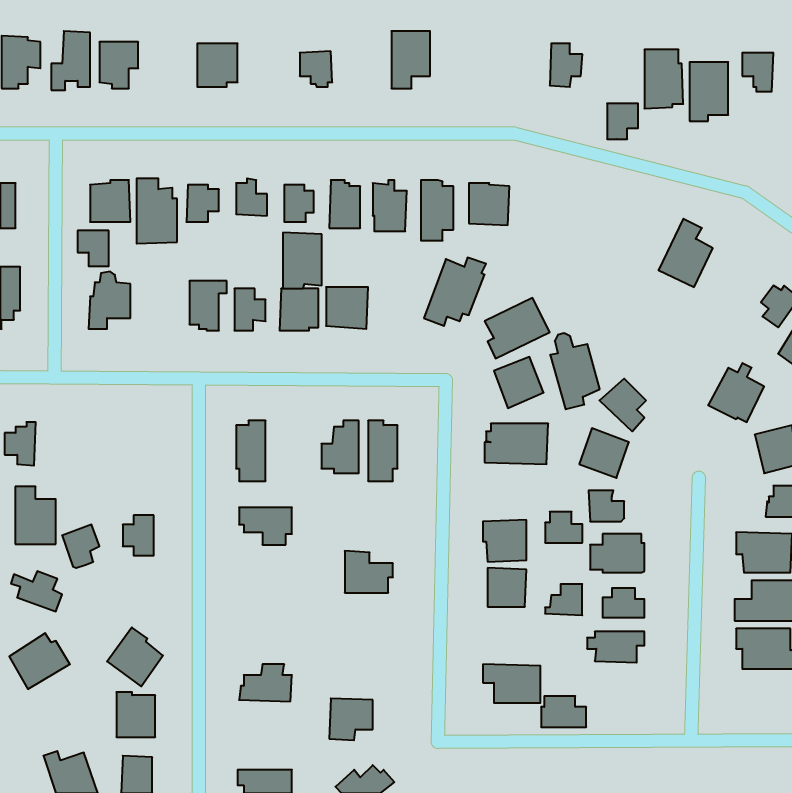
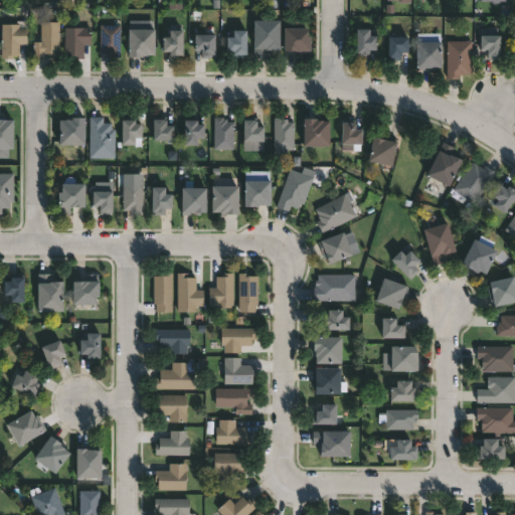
building: none -> [285,21,311,57]
building: none -> [101,24,122,56]
building: none -> [163,29,184,56]
building: none -> [227,29,247,56]
building: [607,103,638,139] -> [389,36,409,59]
building: none -> [343,120,363,149]
building: none -> [369,137,398,166]
building: [78,231,109,266] -> [93,191,113,214]
building: [283,233,322,289] -> [245,170,271,206]
building: none -> [454,162,496,203]
building: [550,333,600,409] -> [424,215,457,265]
building: none -> [178,273,204,312]
building: none -> [71,274,99,304]
building: [15,487,56,544] -> [38,274,64,311]
building: none -> [221,328,255,352]
building: [545,512,582,543] -> [326,310,350,330]
building: none -> [156,362,195,389]
building: [545,584,582,615] -> [313,404,337,424]
building: none -> [215,388,251,414]
building: none -> [156,395,187,421]
building: [107,627,163,686] -> [34,436,70,474]
building: none -> [216,419,250,444]
building: none -> [481,439,506,460]
building: [541,696,586,727] -> [388,440,417,460]
building: none -> [156,464,186,490]

